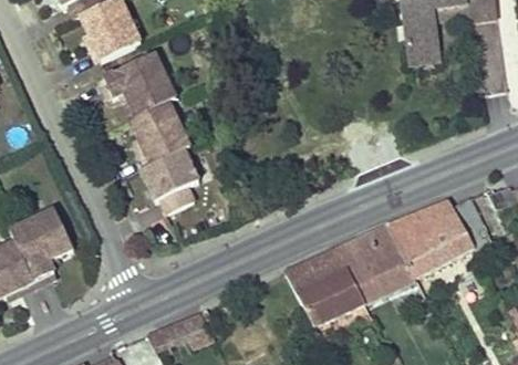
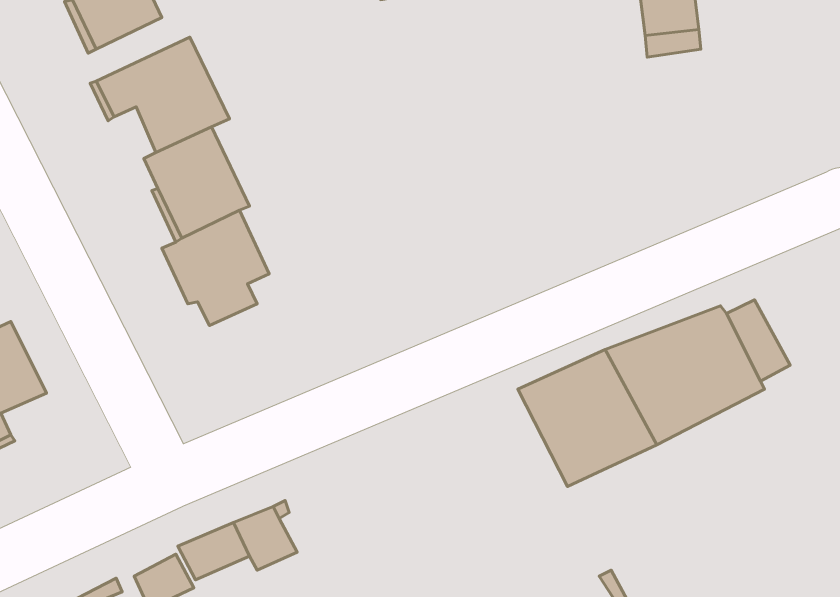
building: [284,246,364,324] -> none

